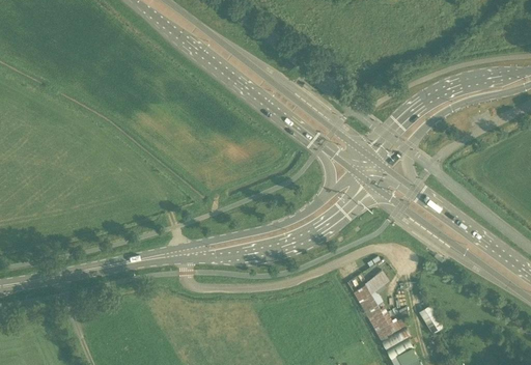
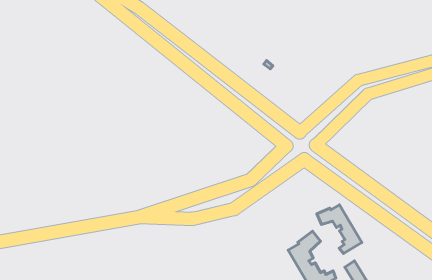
building: none -> [317,205,362,254]

